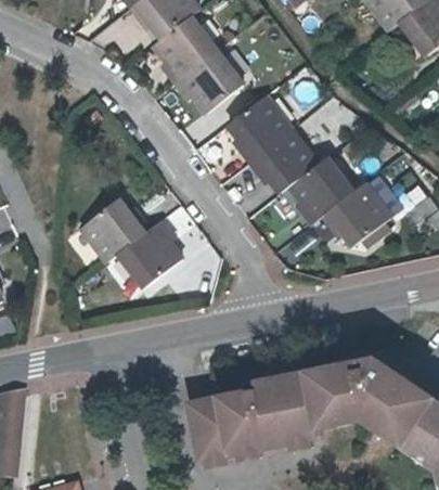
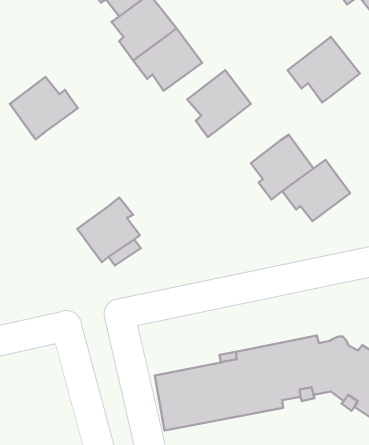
building: [247,128,320,194] -> [288,37,360,102]
building: [79,199,147,262] -> [10,77,78,139]

